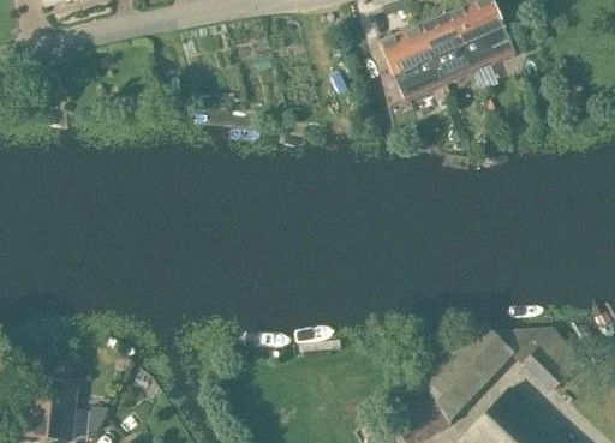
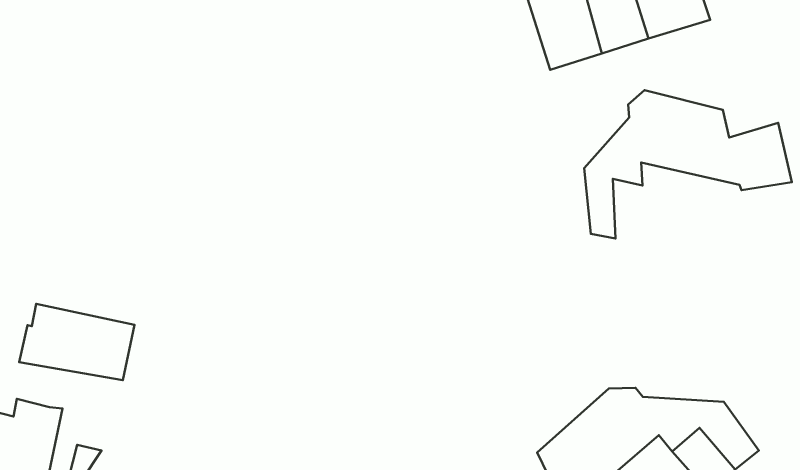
building: none -> [584,90,792,238]
building: none -> [19,304,135,380]

